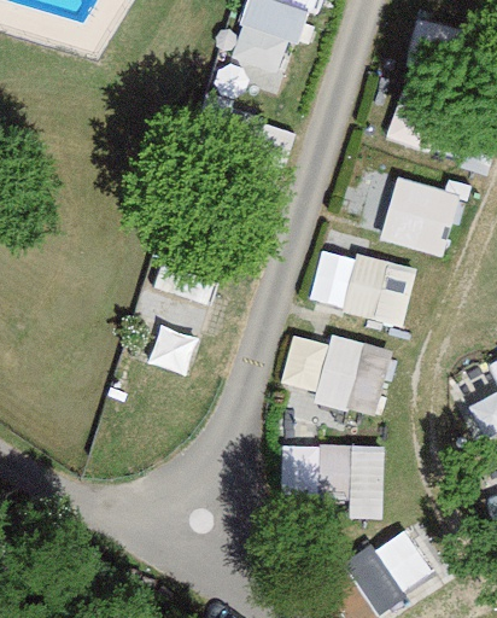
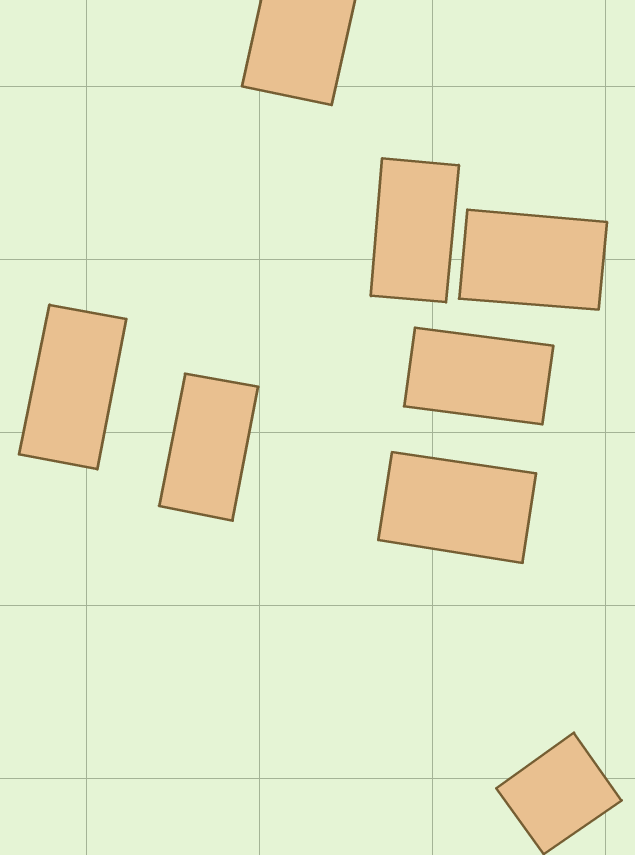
building: none -> [371,158,459,302]
building: none -> [19,305,126,469]
building: [315,444,385,514] -> none

